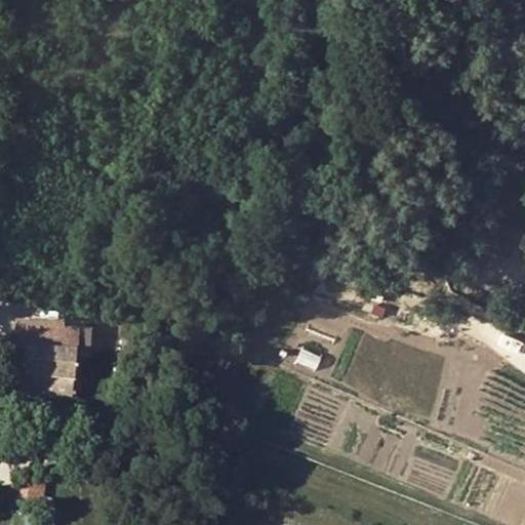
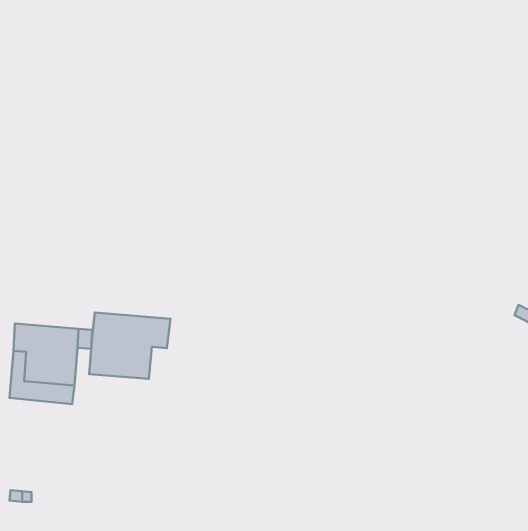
building: none -> [89,313,171,379]

